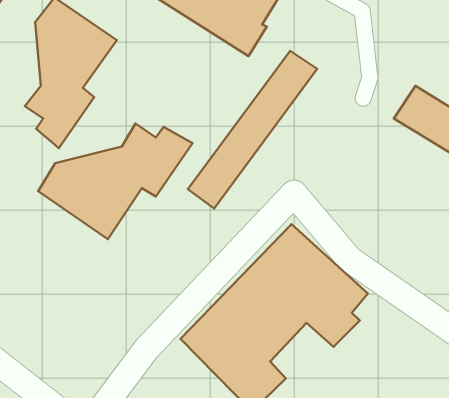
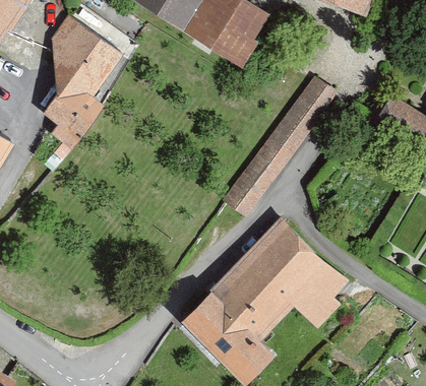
building: [188,51,317,209] -> [223,76,339,217]
building: [38,123,192,239] -> none

